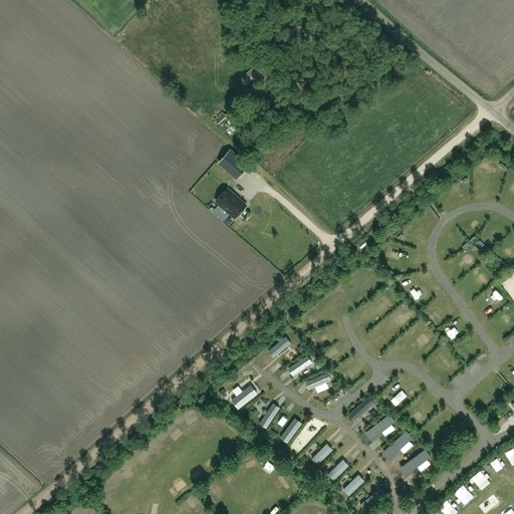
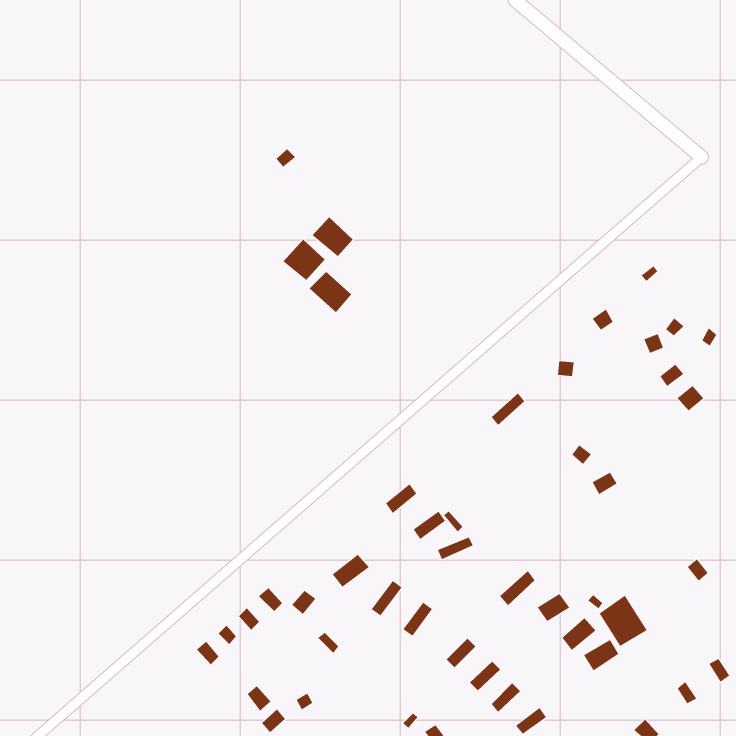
building: none -> [283,239,325,281]
building: none -> [599,595,648,647]

